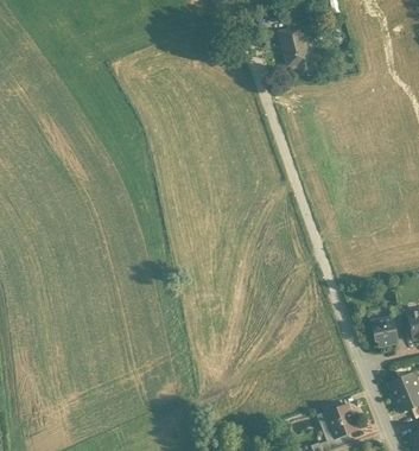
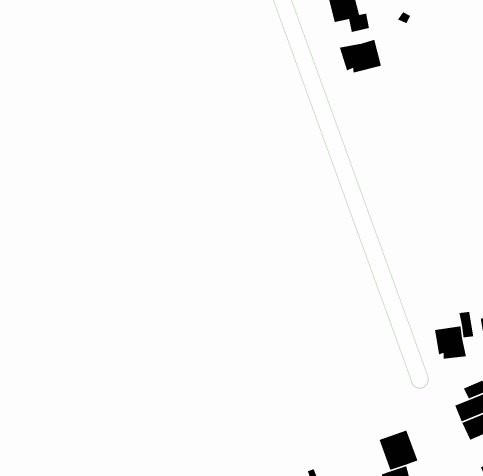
building: none -> [339,39,382,73]

